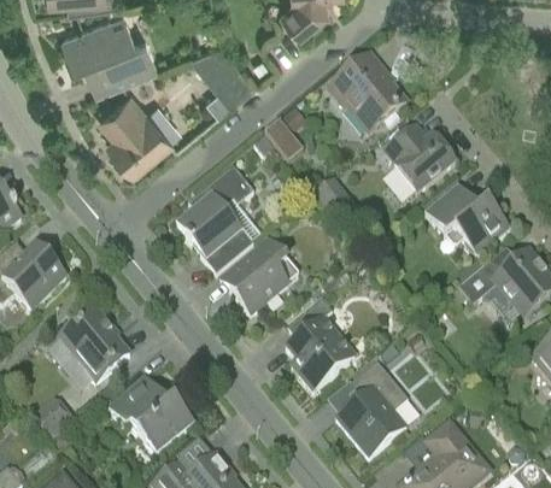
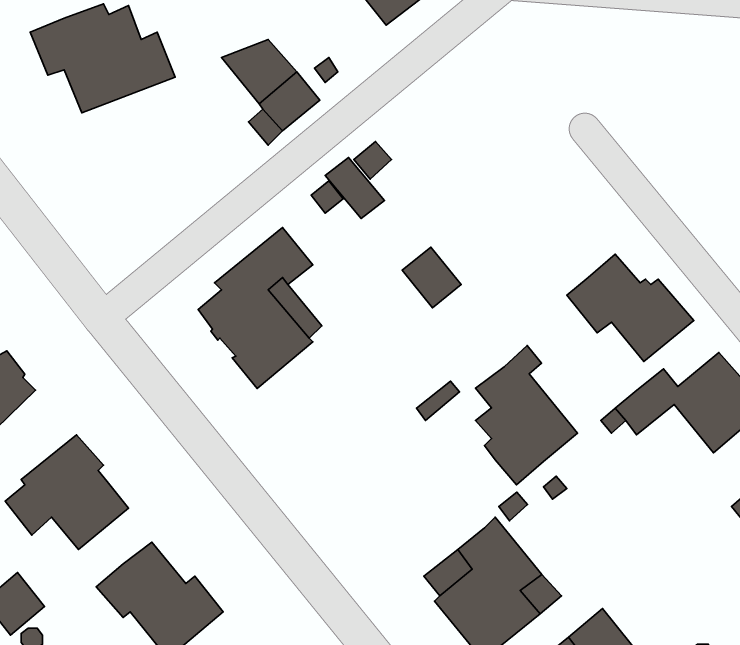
building: [328,58,405,131] -> none
building: [102,88,174,167] -> none
building: [383,124,455,192] -> none
building: [219,239,297,314] -> none
building: [285,296,353,390] -> [475,345,577,485]

